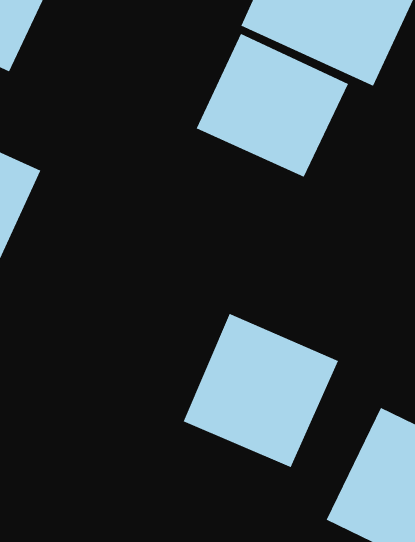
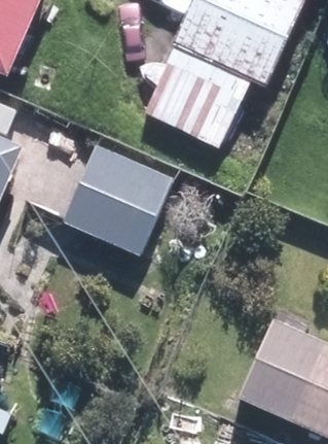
building: [183,313,339,468] -> [63,144,174,254]

